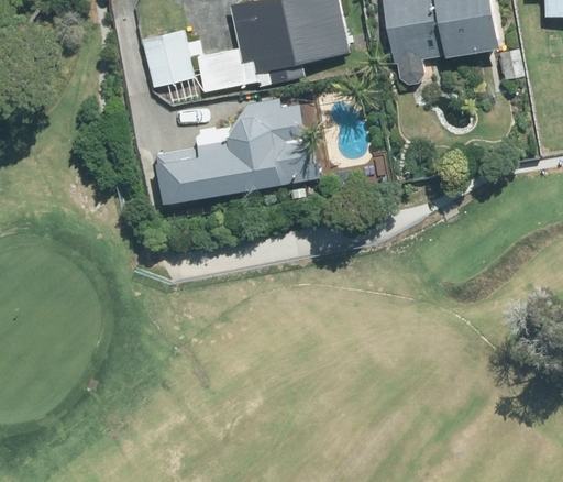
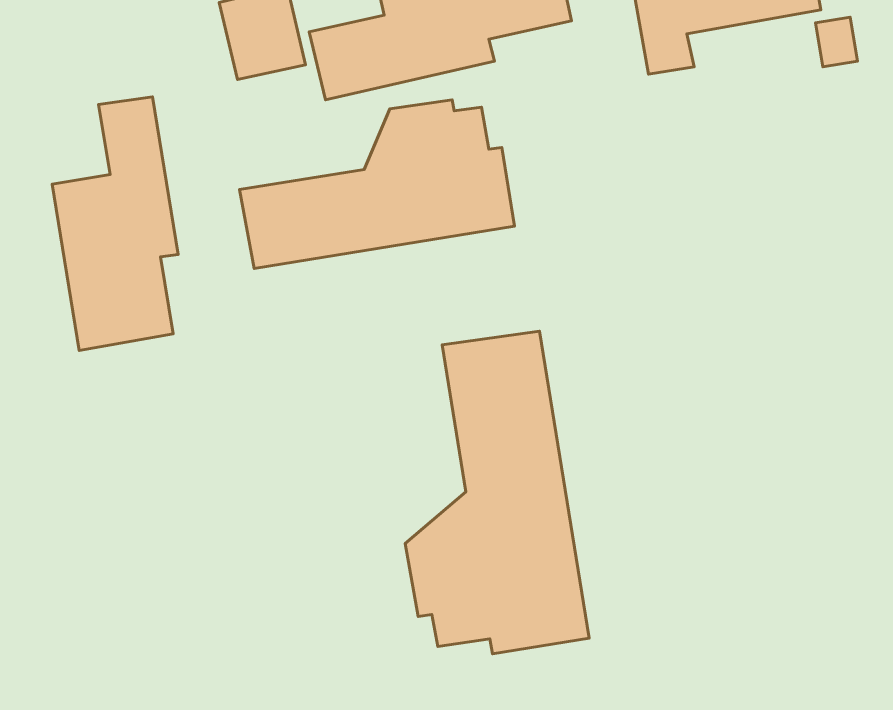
building: none -> [52,97,178,350]
building: none -> [405,331,589,654]

